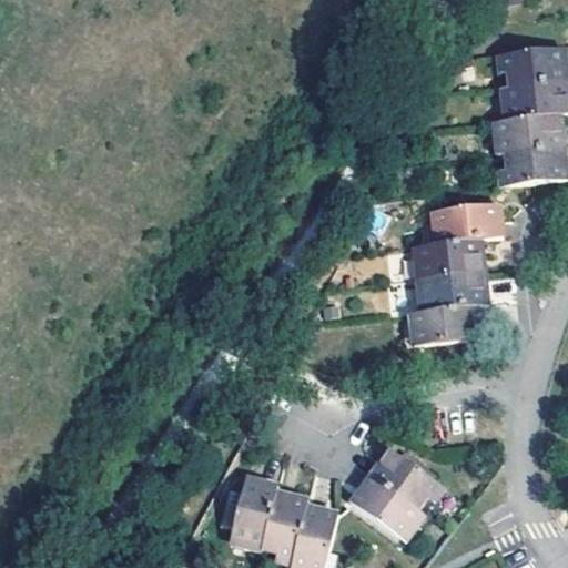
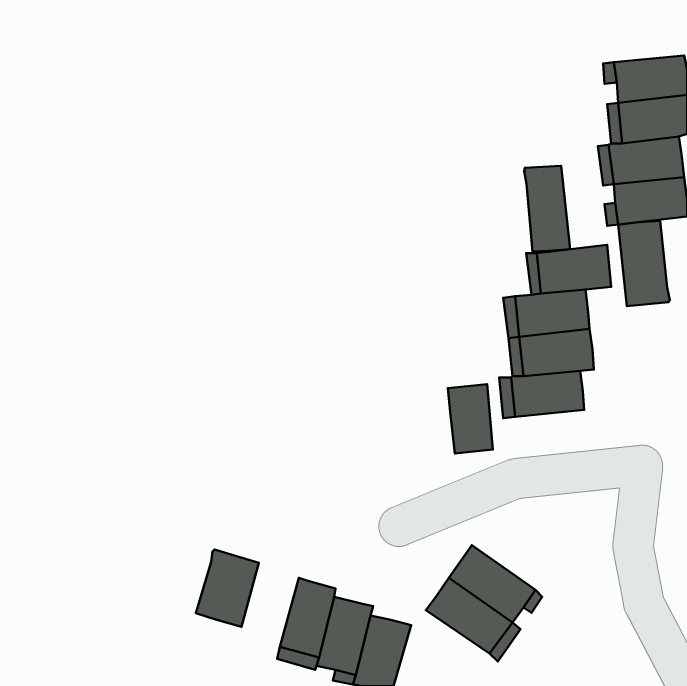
building: none -> [524,166,570,252]
building: none -> [618,221,670,306]
building: none -> [448,384,493,454]
building: none -> [196,549,259,627]

